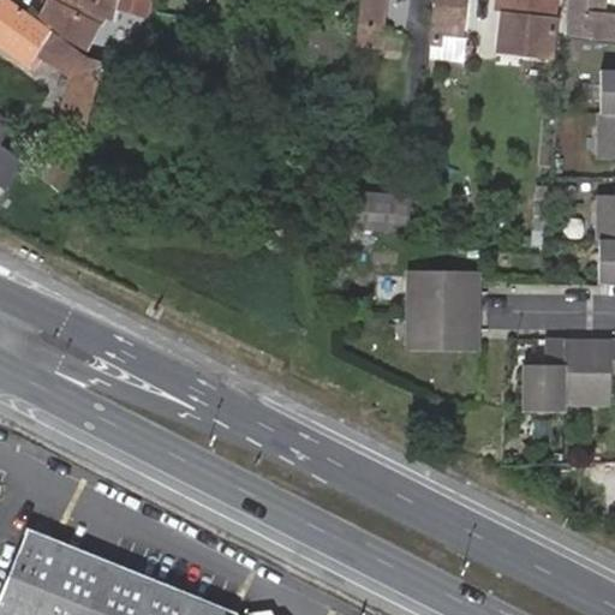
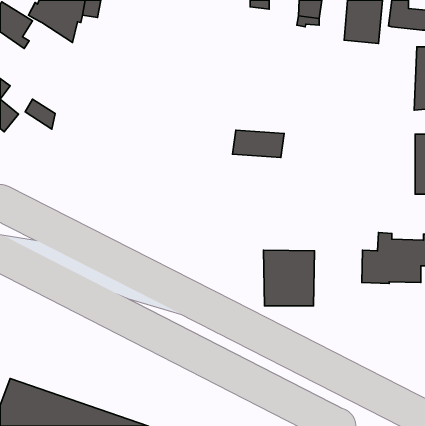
building: [34,26,106,127] -> none
building: [407,269,480,350] -> [264,250,314,306]

